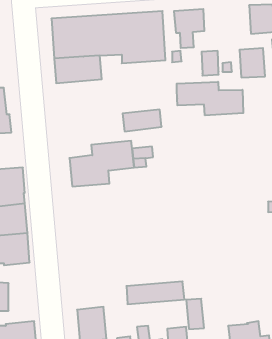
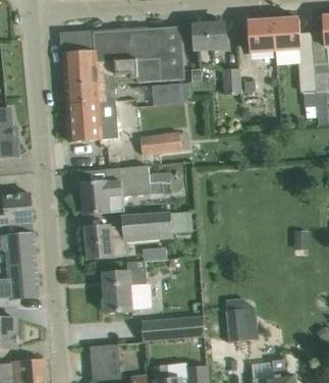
building: [239,48,265,77] -> [248,19,275,51]
building: none -> [152,84,184,104]
building: none -> [66,99,117,141]
building: [177,82,243,115] -> none
building: none -> [85,212,171,259]
building: none -> [103,261,146,313]
building: [186,299,204,329] -> [226,309,245,341]

